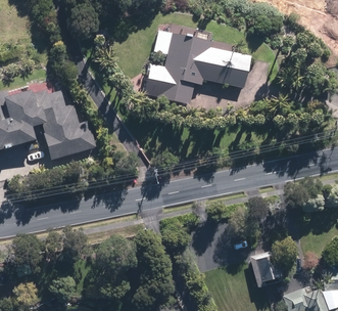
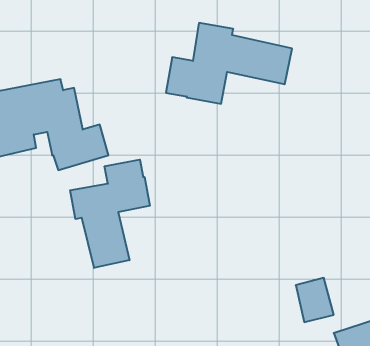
building: none -> [70,160,150,268]

